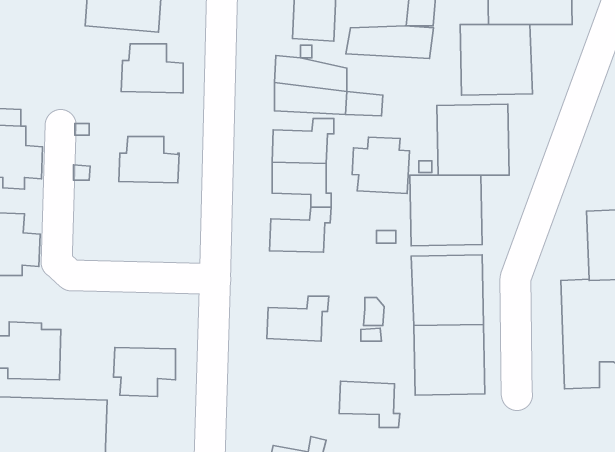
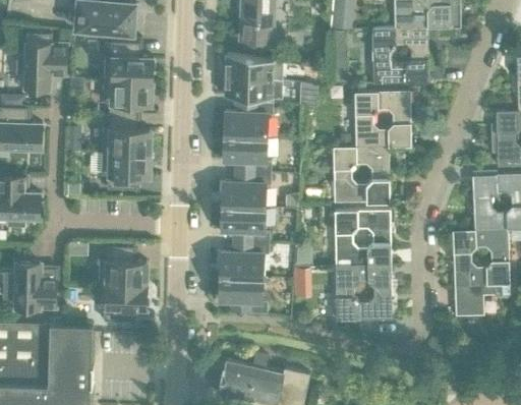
building: [346,26,434,58] -> none
building: none -> [17,35,67,90]
building: none -> [104,81,152,117]
building: [352,137,409,194] -> none
building: none -> [102,153,150,190]
building: none -> [221,208,269,243]
building: none -> [100,248,148,285]
building: [339,381,400,428] -> [219,277,267,313]

